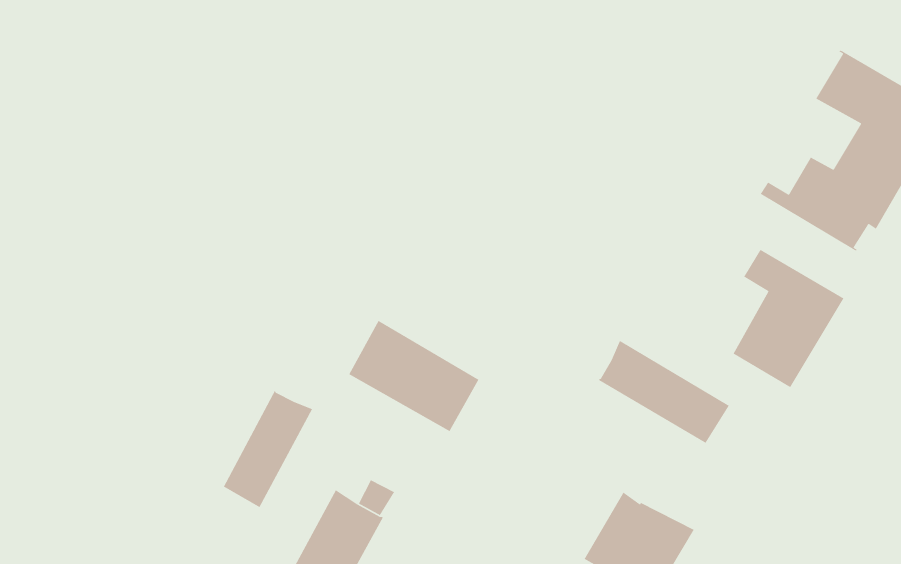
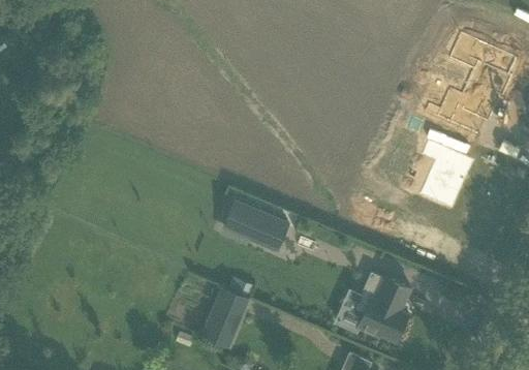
building: [597,340,730,444] -> none
building: [223,389,313,508] -> none

